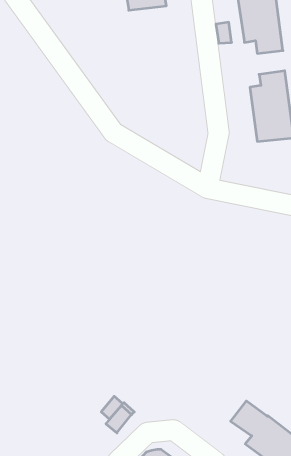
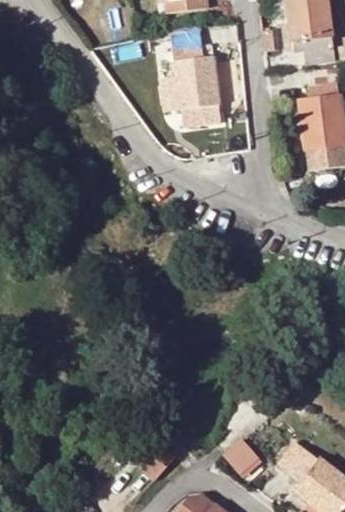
building: none -> [169,29,221,126]
building: none -> [222,437,260,476]

